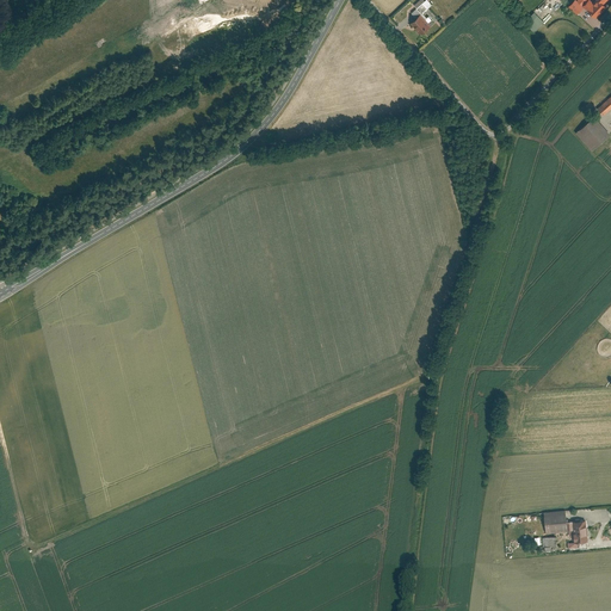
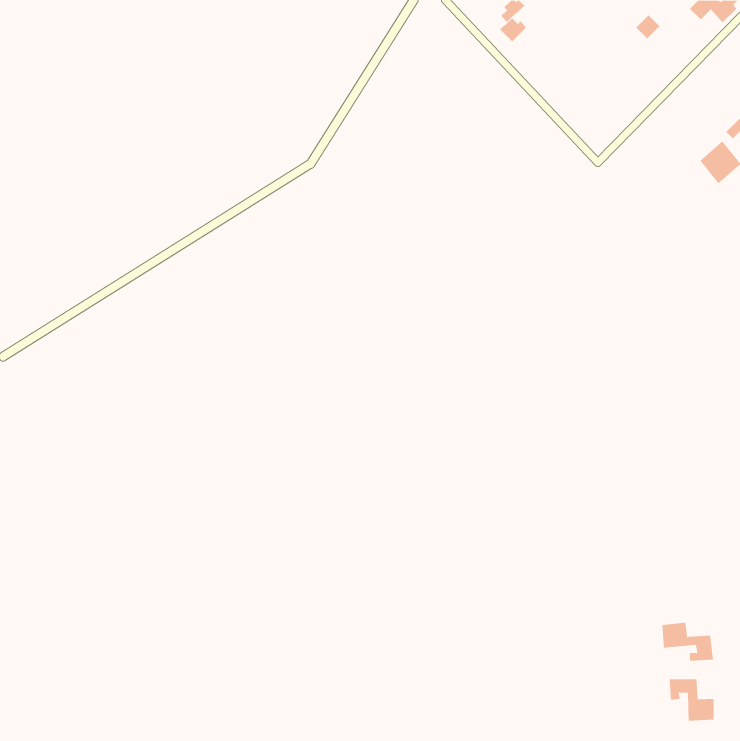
building: none -> [669,678,714,722]

